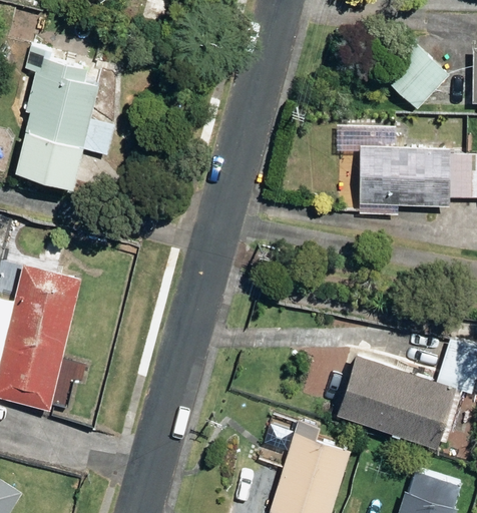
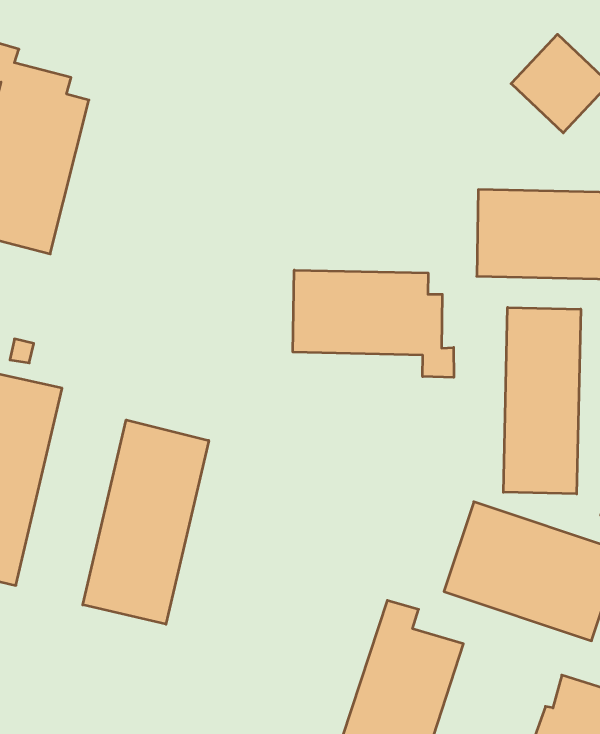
building: none -> [293,270,454,377]
building: none -> [503,307,581,494]
building: none -> [83,420,209,624]

